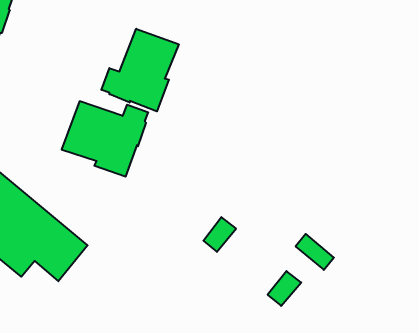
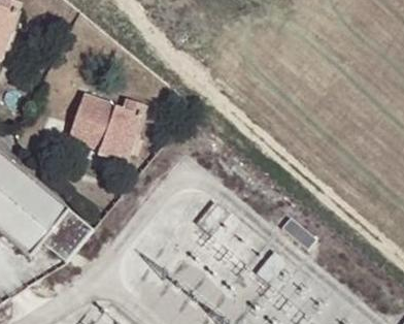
building: [101,29,179,111] -> none

